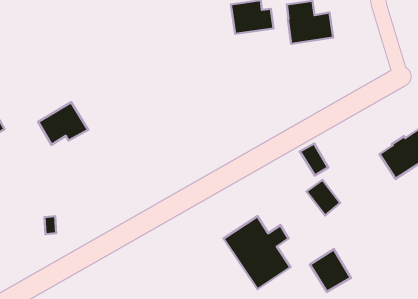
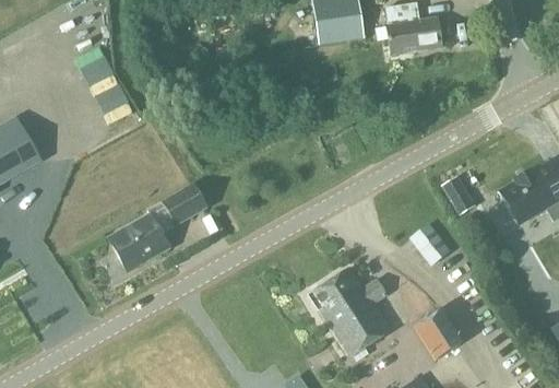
building: [38,102,88,145] -> [108,214,169,267]
building: [300,143,328,175] -> [440,175,475,214]
building: none -> [163,184,206,224]

